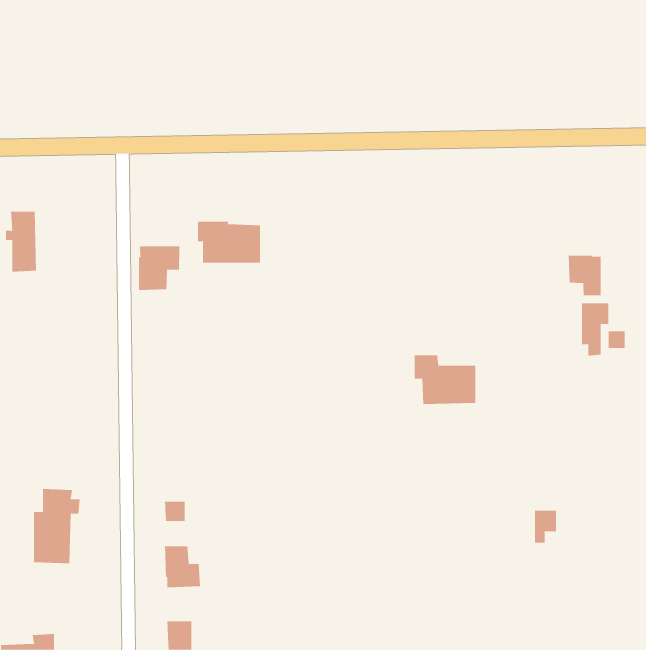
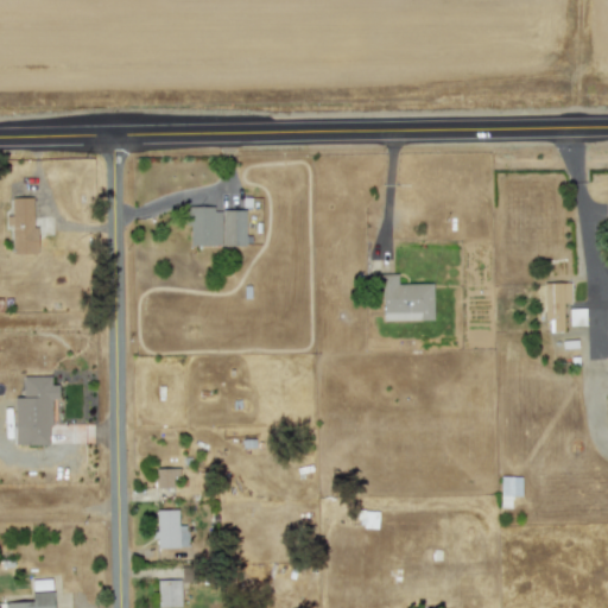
building: [138,245,180,291] -> none
building: [568,255,601,296] -> none
building: [414,355,476,405] -> [376,274,435,321]
building: [33,489,80,564] -> [17,375,61,445]

